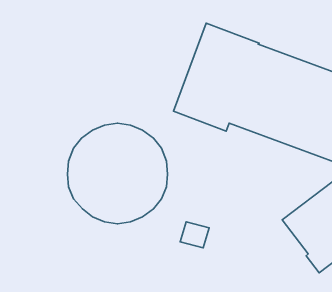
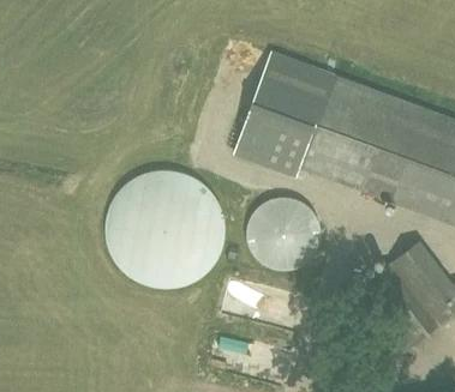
building: none -> [246,198,319,271]

